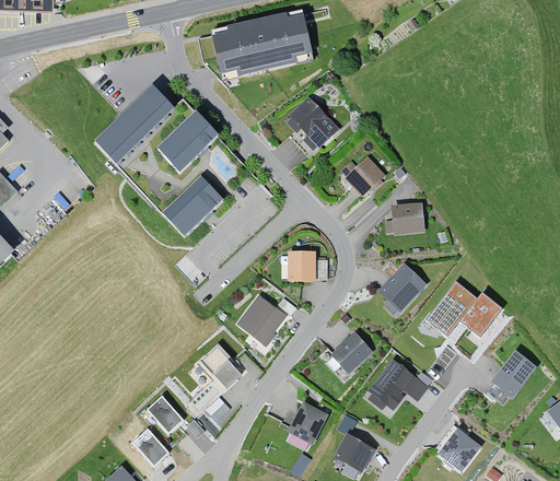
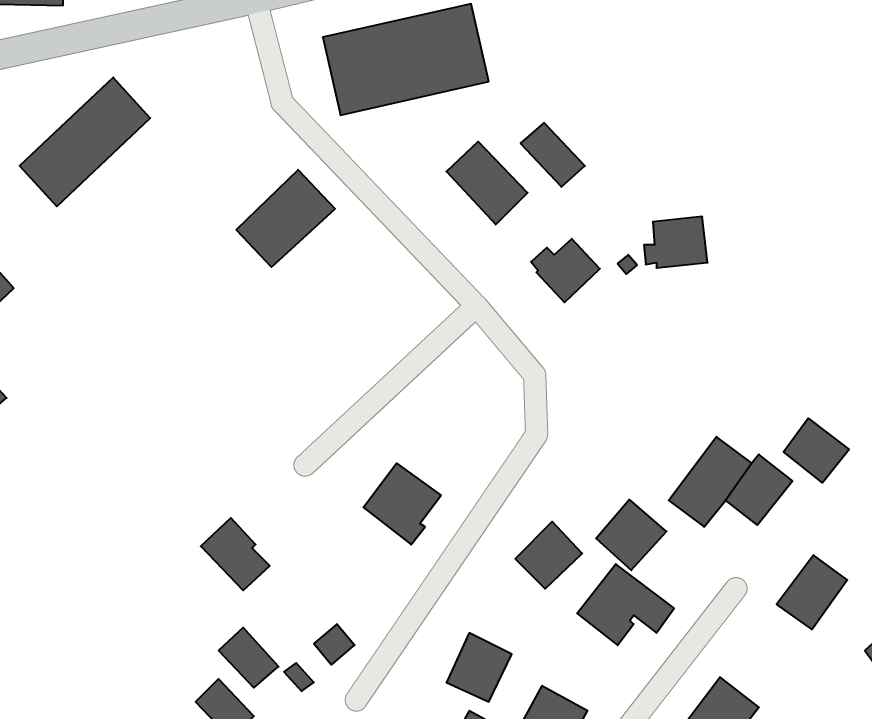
building: none -> [521,123,585,187]
building: [94,86,175,166] -> [20,77,150,206]
building: [162,176,223,236] -> none
building: [385,202,424,234] -> [644,217,708,268]
building: [289,253,315,280] -> none
building: [380,266,423,309] -> [596,500,667,570]
building: none -> [784,418,849,483]
building: [199,344,242,389] -> [201,518,270,590]

